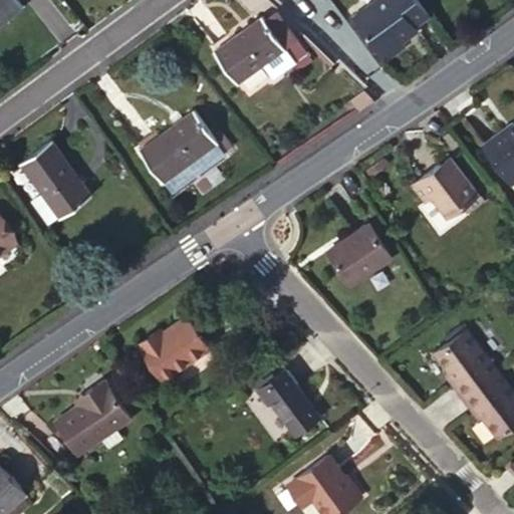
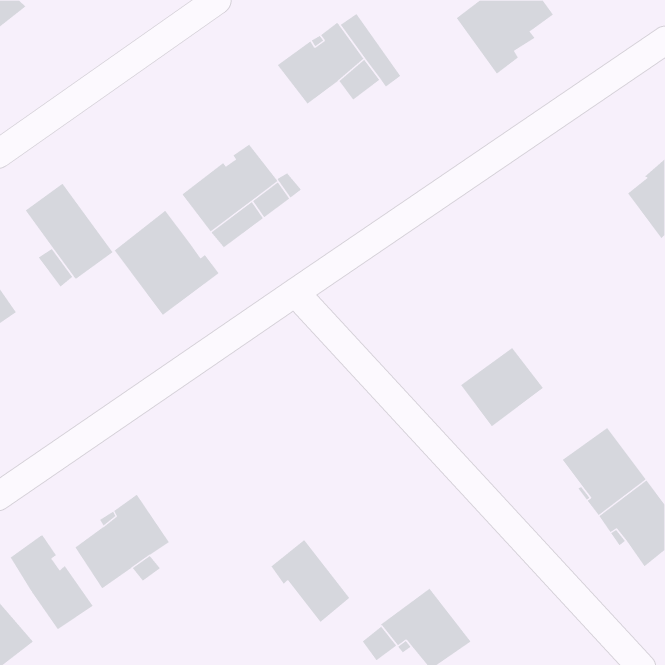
building: [409,163,480,224] -> none
building: none -> [114,210,220,316]
building: [328,225,393,286] -> [460,347,544,427]
building: [136,318,206,381] -> none
building: [258,369,319,434] -> [271,539,350,623]
building: none -> [10,535,94,630]

